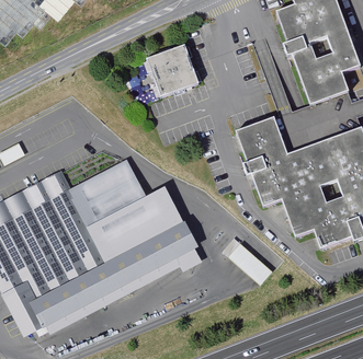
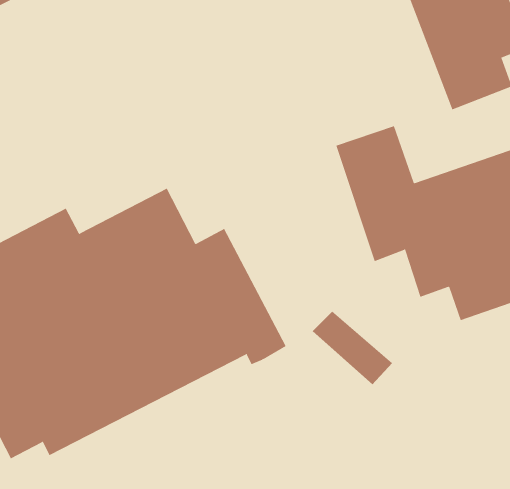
building: [144,42,197,96] -> none

